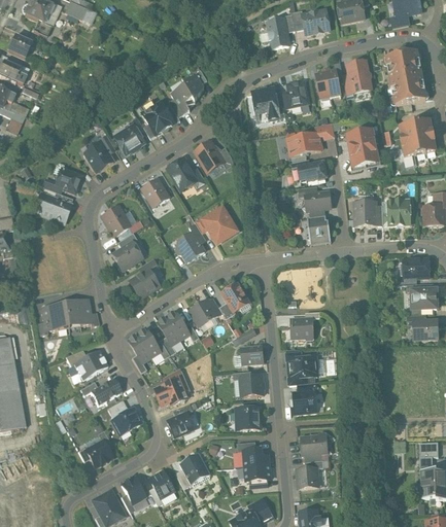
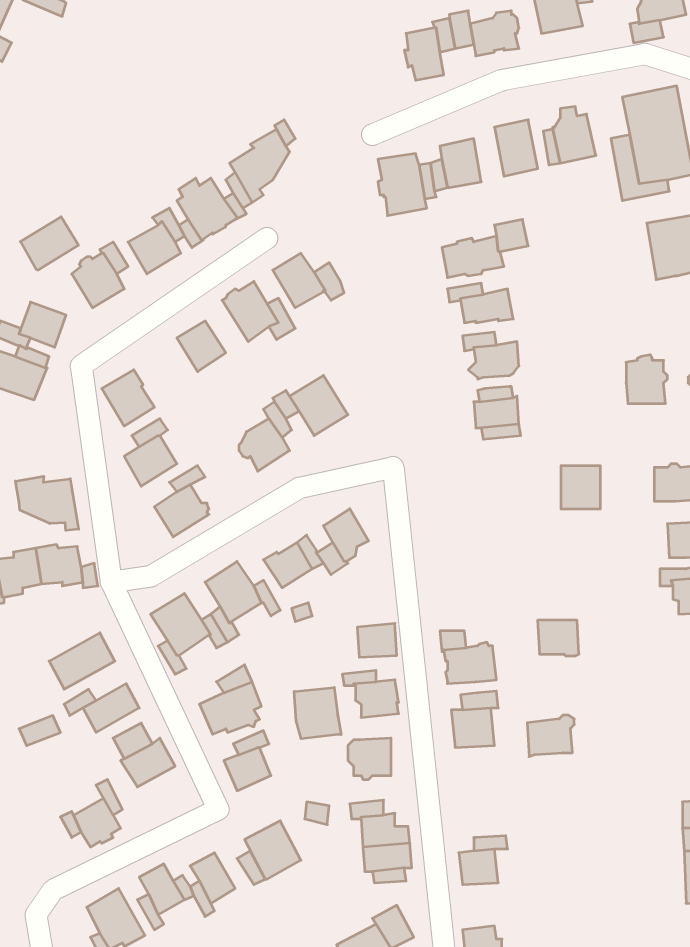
building: none -> [20,217,78,270]
building: [347,131,379,167] -> none
building: [354,202,376,225] -> [561,466,600,509]
building: none -> [15,476,79,530]
building: [290,318,313,338] -> [538,620,579,656]
building: none -> [294,687,341,739]
building: [301,433,327,456] -> [527,715,574,757]

